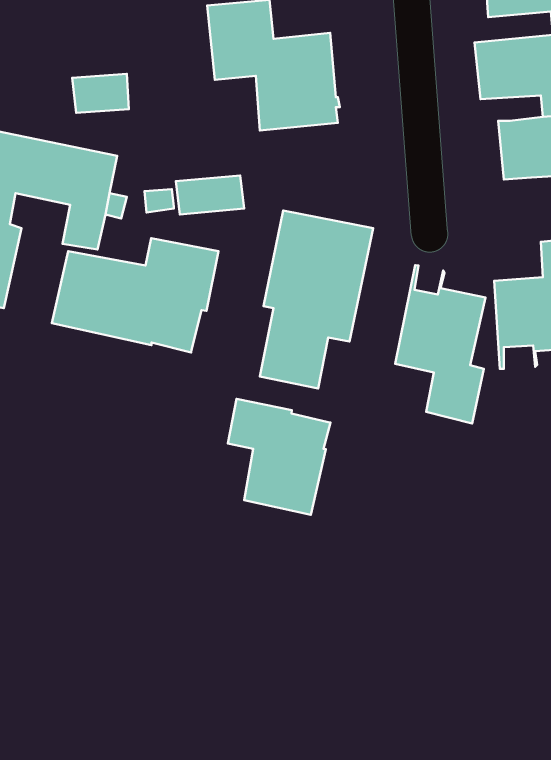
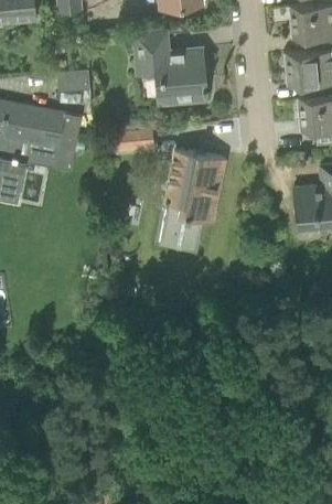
building: [52,238,219,352] -> none
building: [395,265,485,424] -> none
building: [228,399,331,515] -> none

